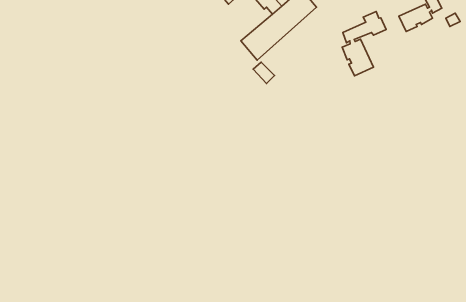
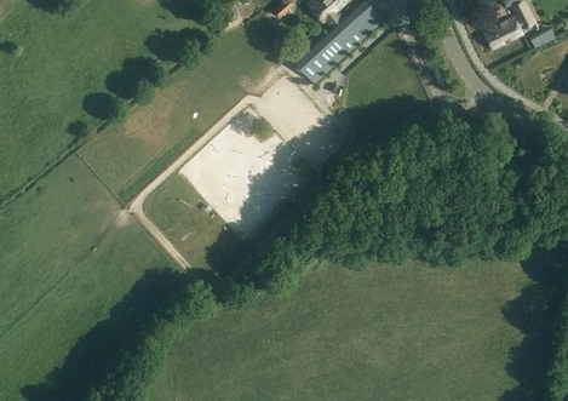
building: [342,12,386,76] -> none

